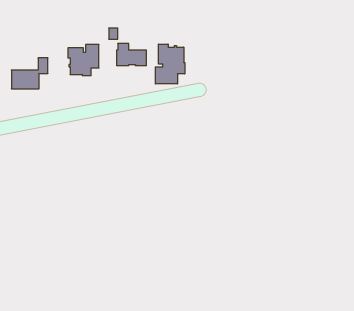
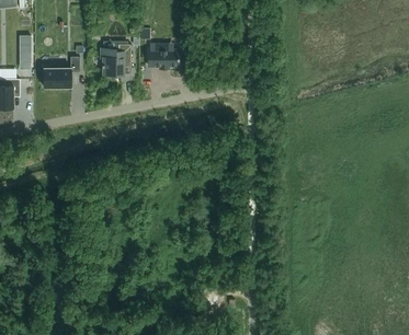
building: [155,44,185,84] -> none

